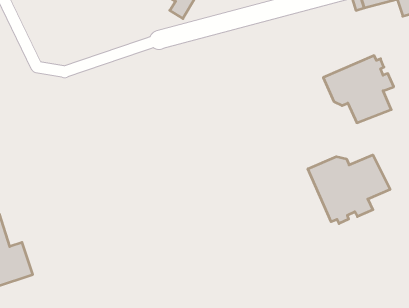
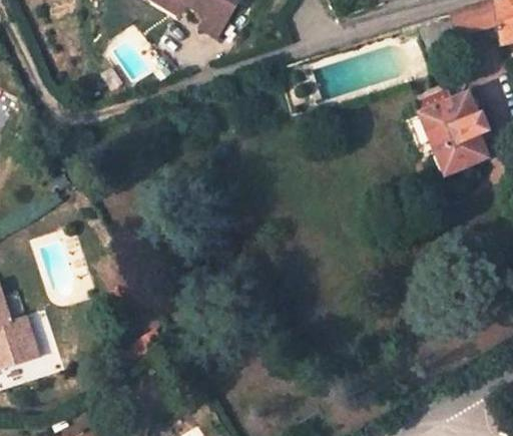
building: [308,155,390,224] -> none

